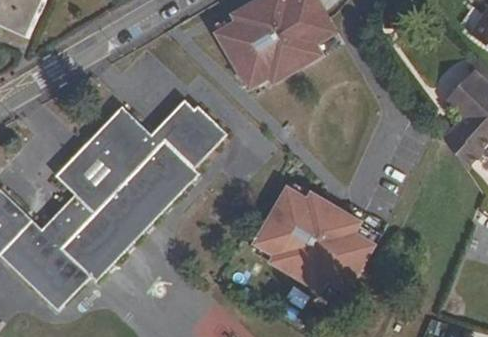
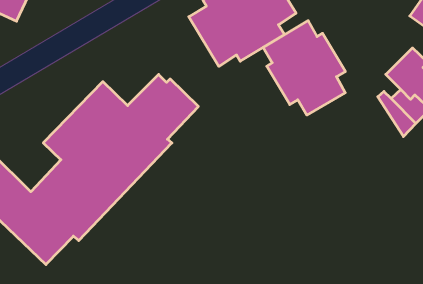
building: none -> [263,21,345,115]
building: [259,184,381,289] -> none

